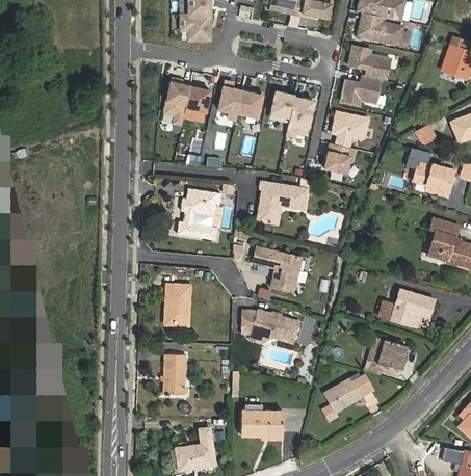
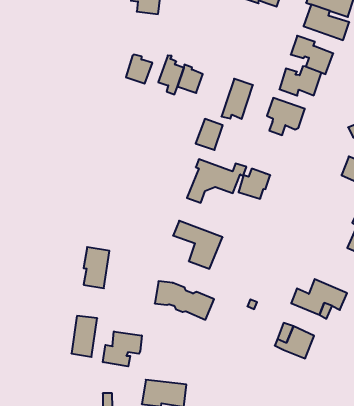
building: [163,78,189,125] -> none
building: [269,91,294,122] -> [196,119,223,150]
building: [324,144,355,174] -> [238,169,270,199]
building: [178,189,220,239] -> none
building: none -> [103,331,142,366]
building: [321,374,373,422] -> none

